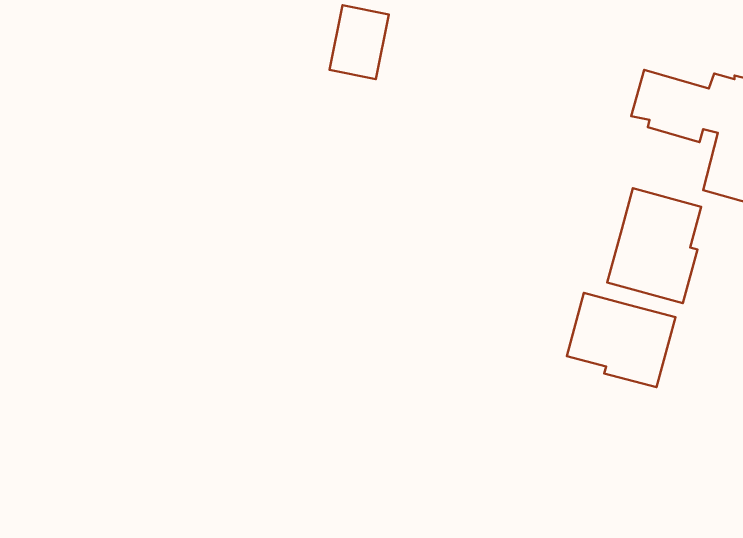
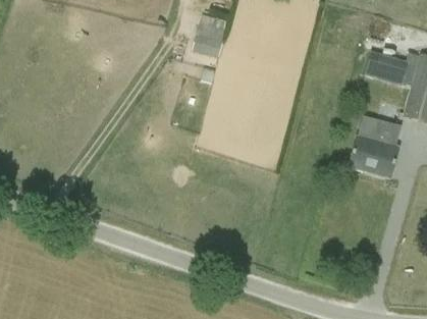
building: [567,293,676,387] -> none

